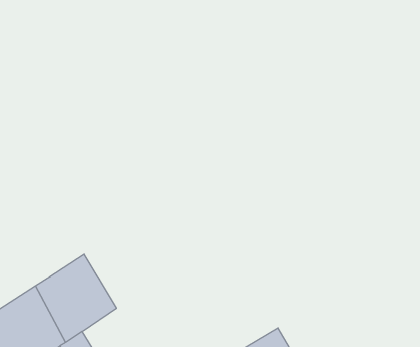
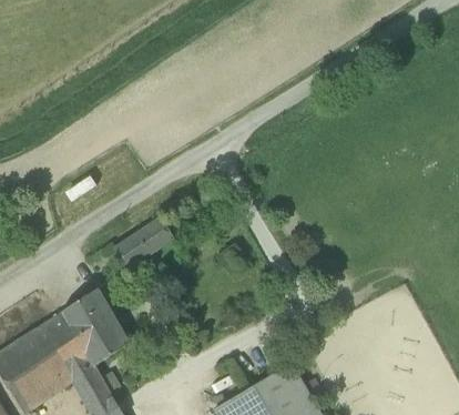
building: none -> [113,220,172,271]

